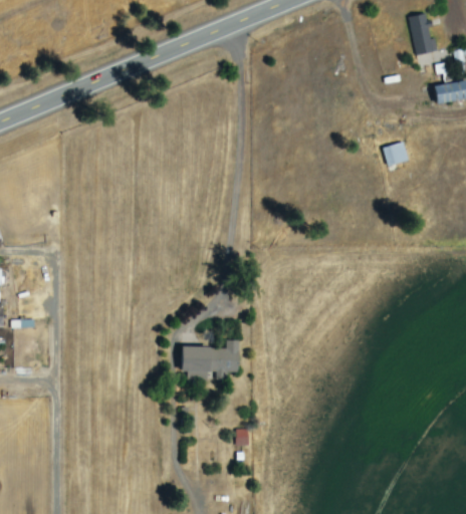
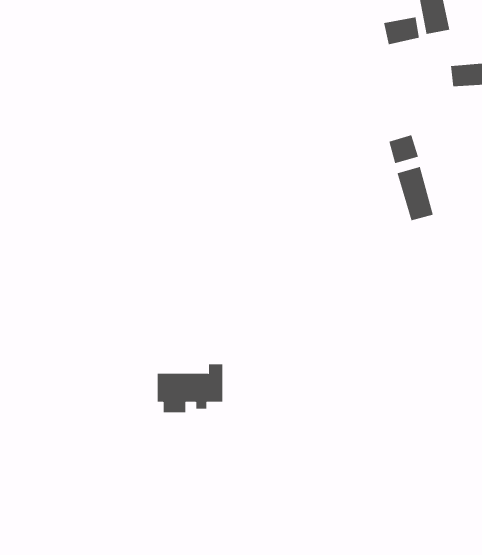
building: none -> [384,16,419,45]
building: none -> [397,166,433,221]

